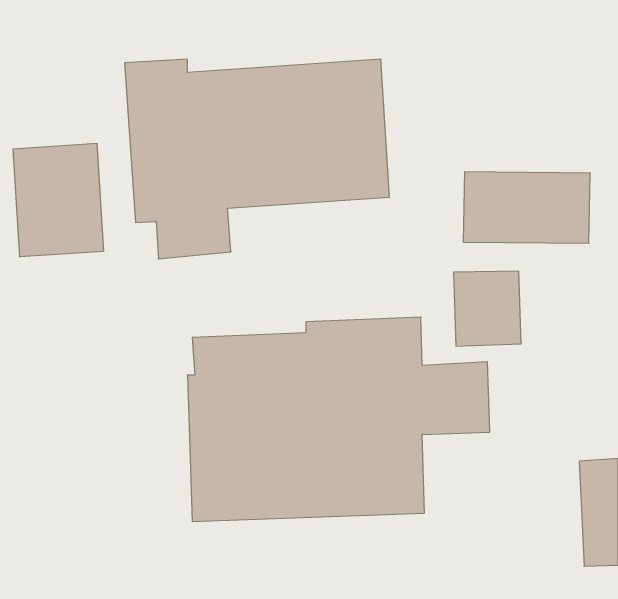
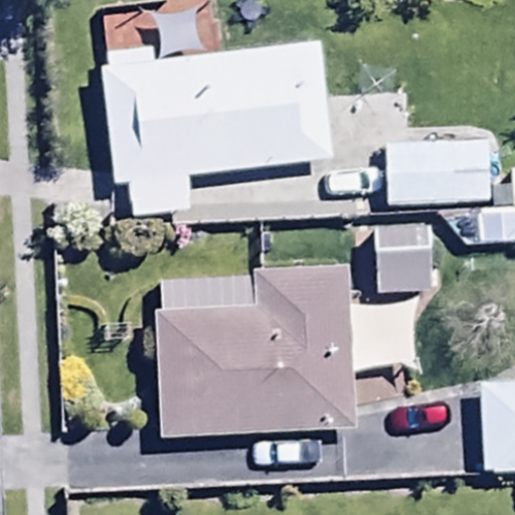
building: [13,143,103,257] -> none

